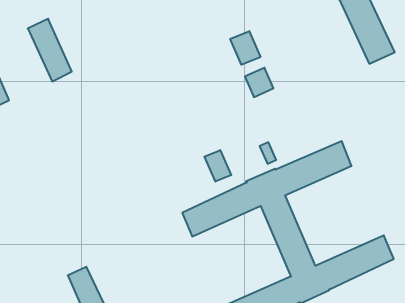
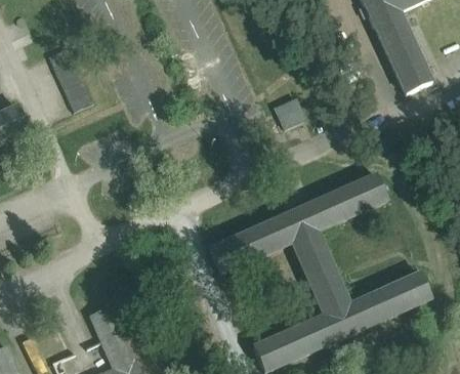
building: [230,31,260,65] -> none
building: [204,150,231,182] -> none

